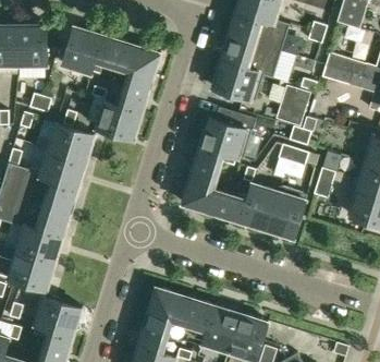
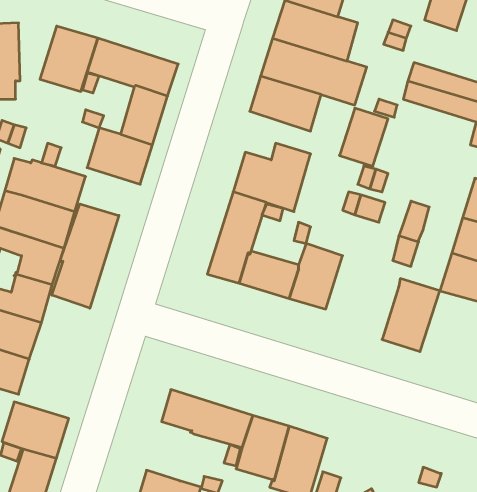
building: none -> [52,204,119,308]
building: [266,185,307,238] -> [382,279,440,352]
building: [137,310,171,352] -> none

